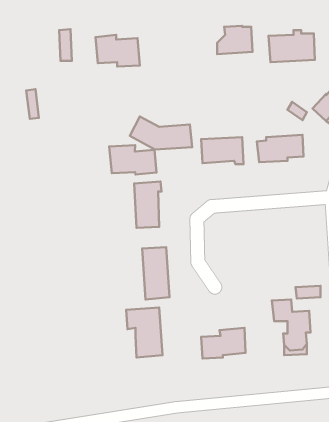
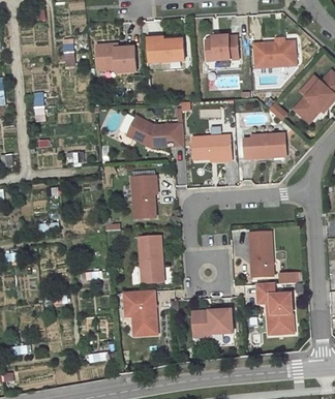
building: none -> [149,38,184,61]
building: [109,145,157,174] -> none
building: none -> [249,232,272,277]

